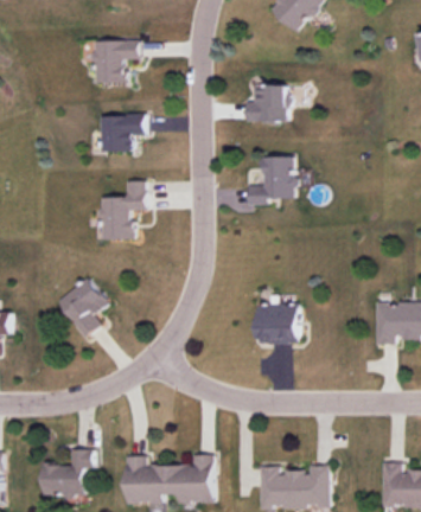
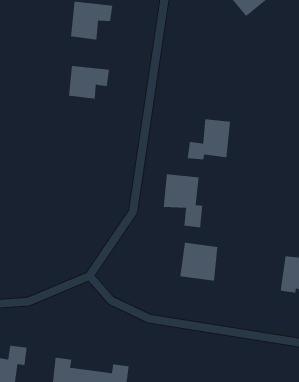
building: [247,84,288,121] -> none
building: [98,180,145,238] -> none
building: none -> [163,173,203,228]
building: [56,277,107,337] -> none

